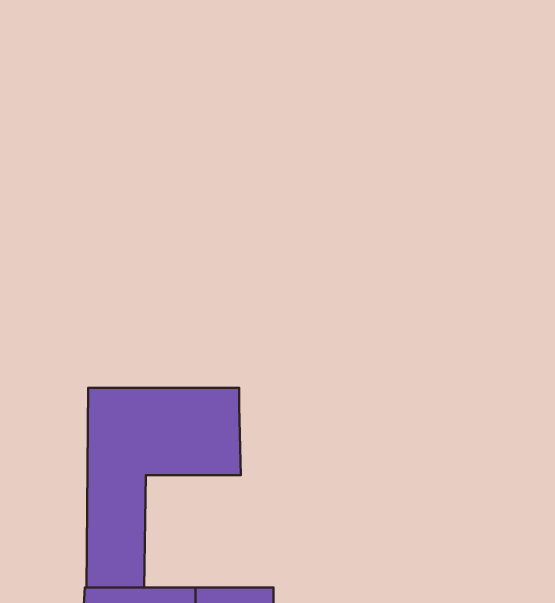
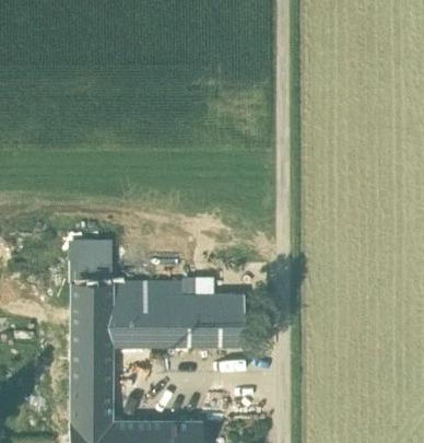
building: none -> [72,248,111,283]
building: none -> [178,295,244,345]

